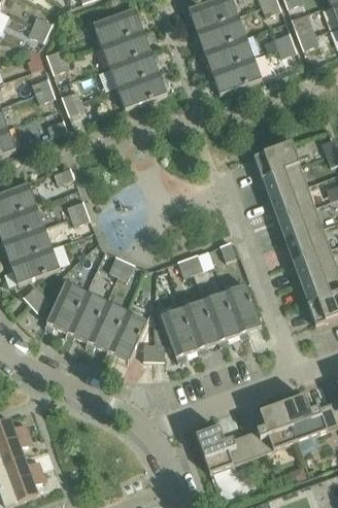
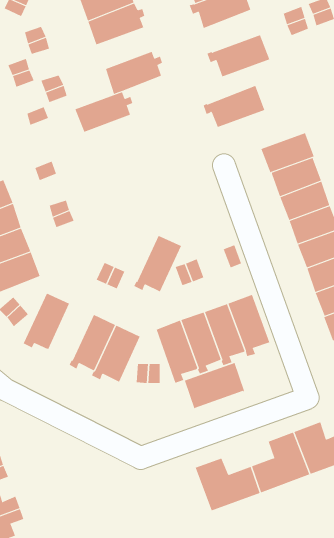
building: [198,34,252,71] -> [203,85,265,128]
building: [108,49,160,86] -> [74,91,133,133]
building: [64,291,106,340] -> [133,235,182,292]
building: none -> [184,362,245,410]

